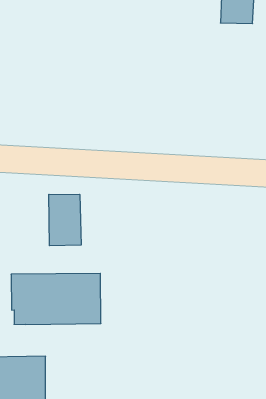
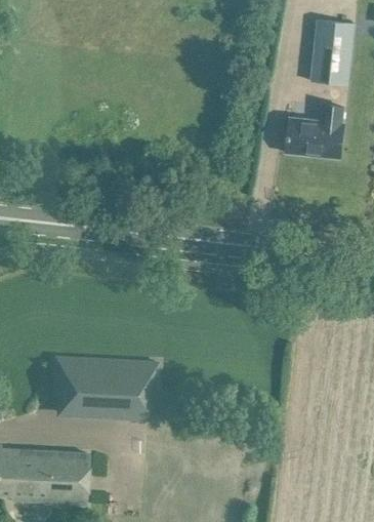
building: none -> [284,104,342,157]
building: [49,194,81,246] -> none

